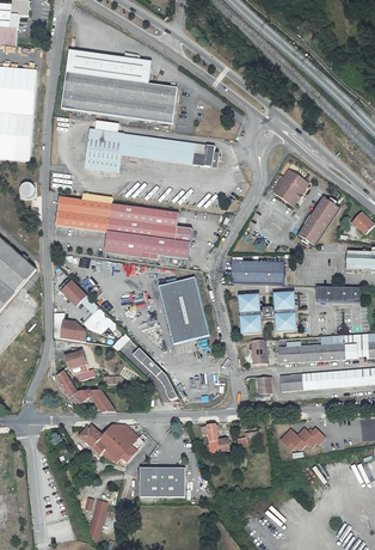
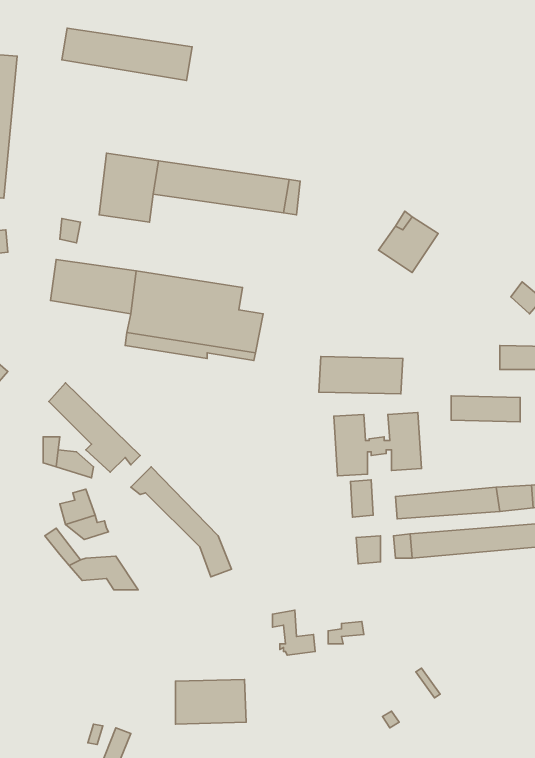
building: [61,69,178,123] -> none
building: [297,196,338,244] -> none
building: [156,275,207,342] -> none
building: [79,423,142,463] -> none
building: [279,427,324,447] -> none

